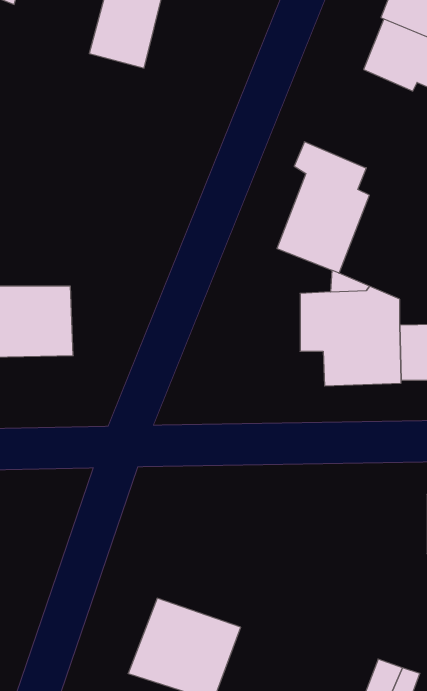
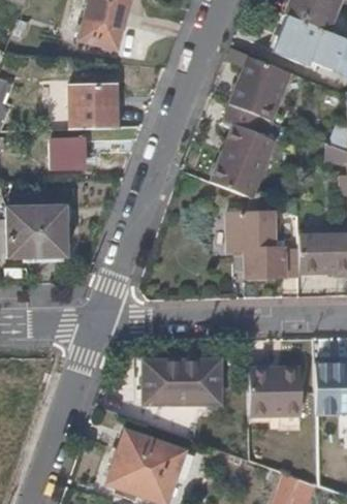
building: none -> [230,55,293,122]
building: none -> [69,85,118,129]
building: none -> [54,137,84,169]
building: none -> [144,359,222,404]
building: none -> [249,369,303,414]

